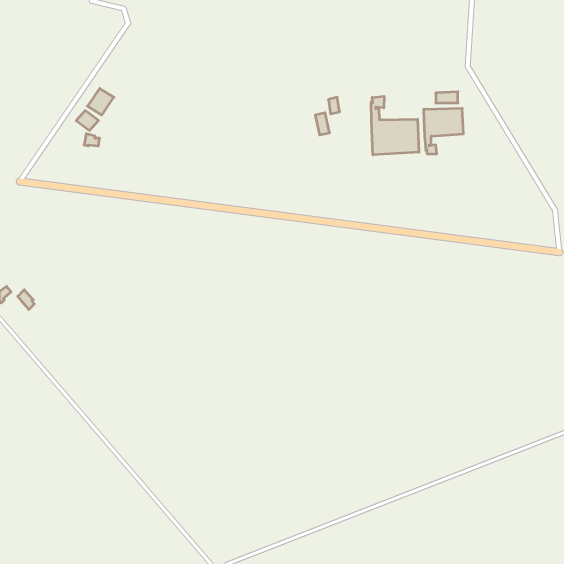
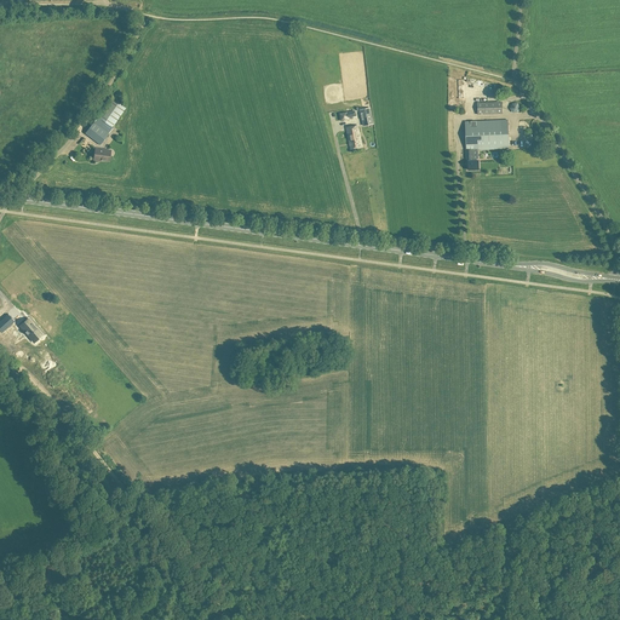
building: [371,96,419,155] -> none

